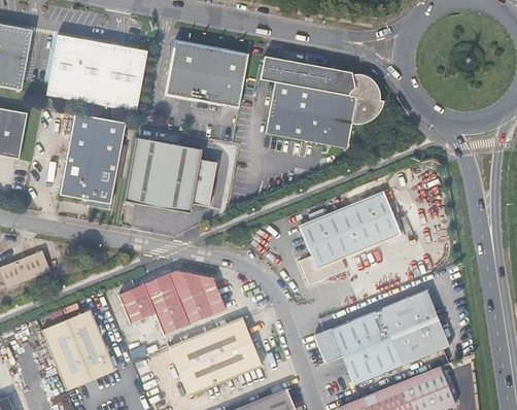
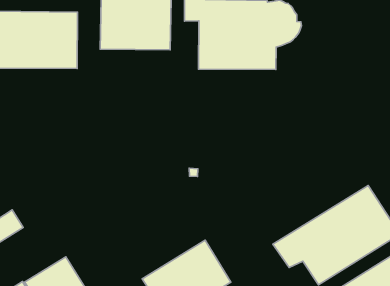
building: [60,114,126,204] -> none
building: [124,138,217,213] -> none
building: [299,192,401,284] -> none
building: [119,270,227,334] -> none

